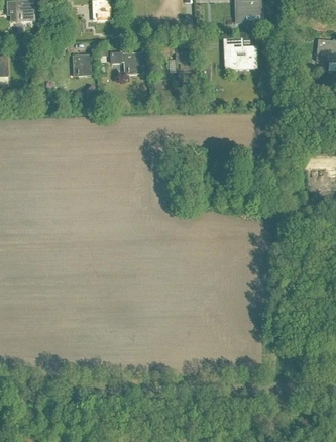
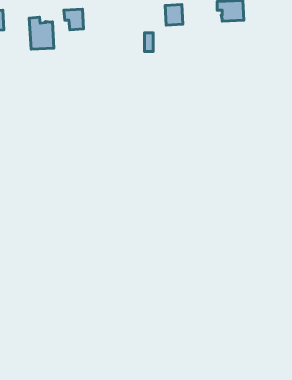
building: [107,52,141,75] -> none
building: none -> [29,17,54,49]

